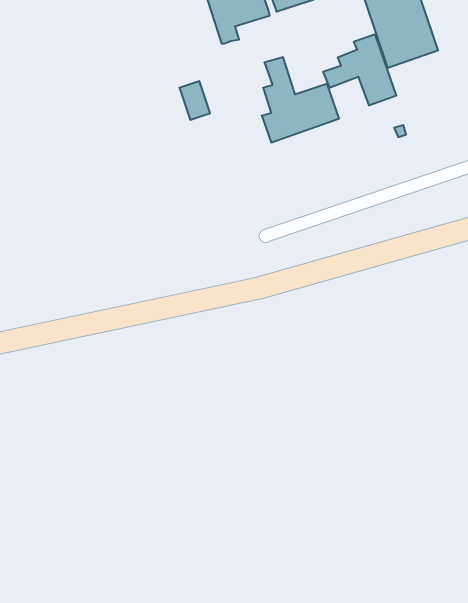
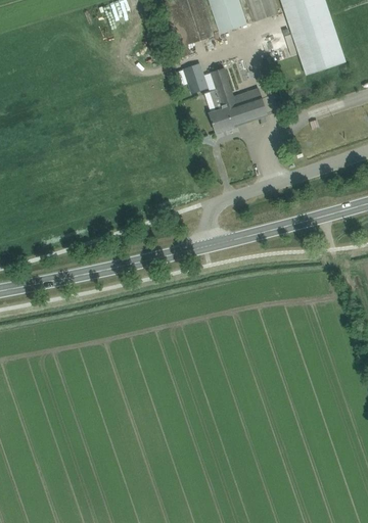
building: [323,34,396,105] -> none
building: [179,81,210,120] -> [185,62,209,92]

